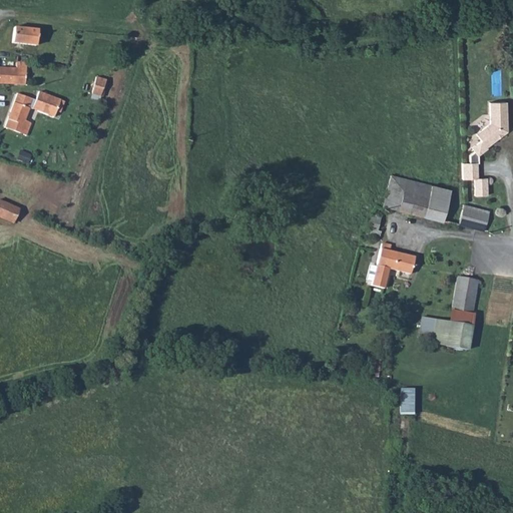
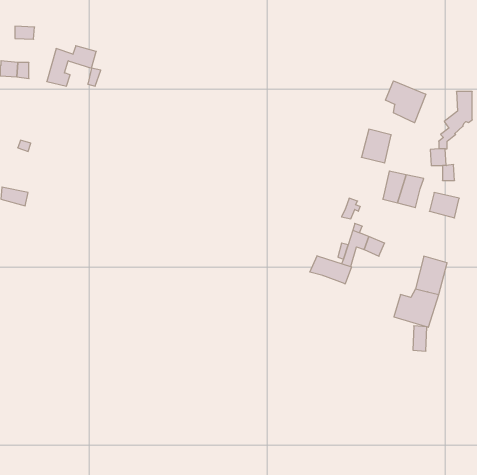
building: none -> [386,81,426,123]
building: [11,93,64,136] -> [47,46,96,86]
building: [386,177,418,213] -> [361,129,391,163]
building: none -> [310,256,351,284]
building: [399,385,414,412] -> [413,326,427,351]

